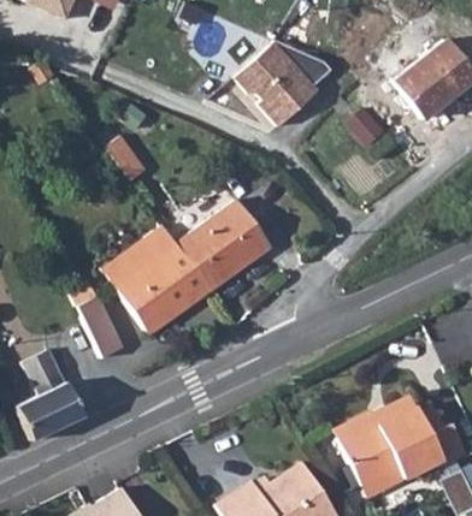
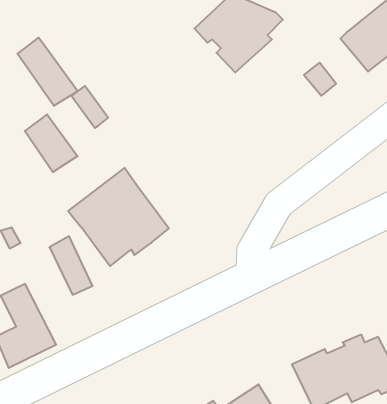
building: none -> [17,38,78,106]
building: none -> [25,114,78,172]
building: [172,197,264,291] -> none

